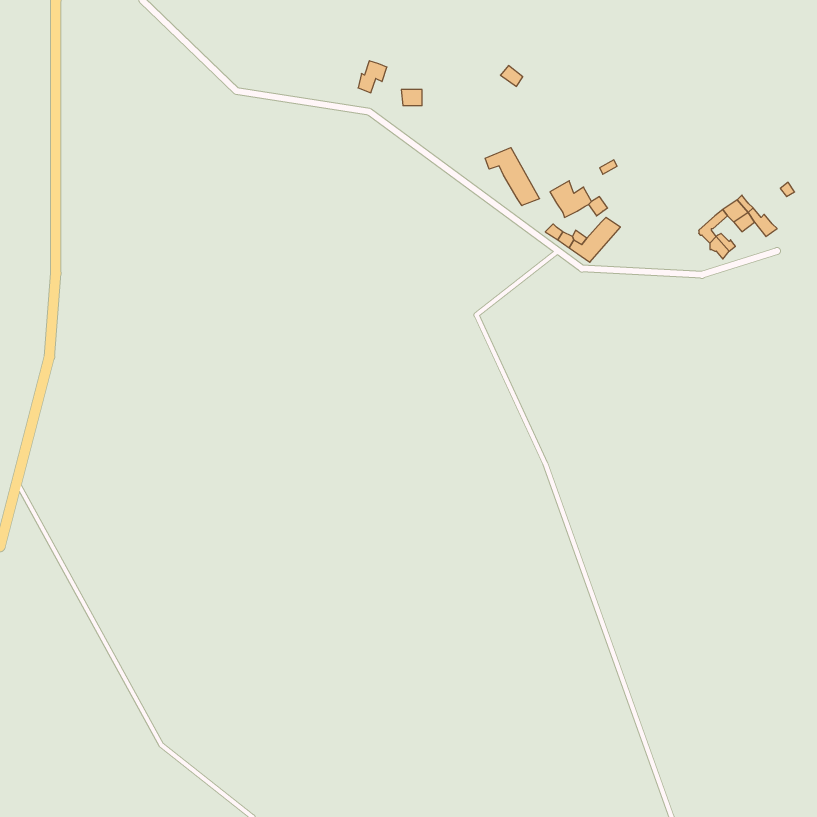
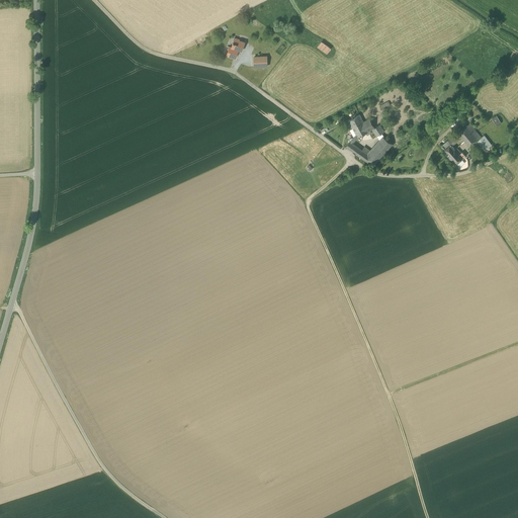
building: [485,148,540,206] -> none

